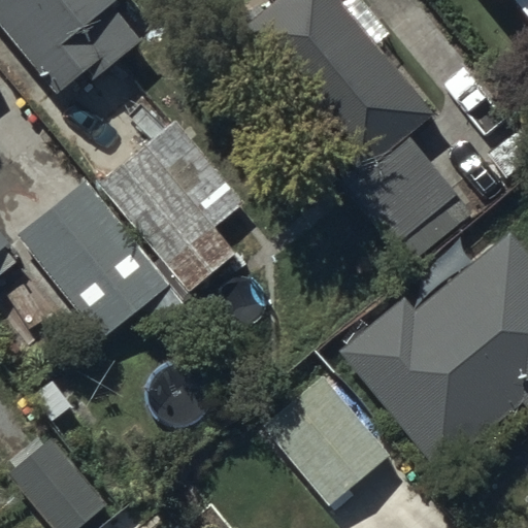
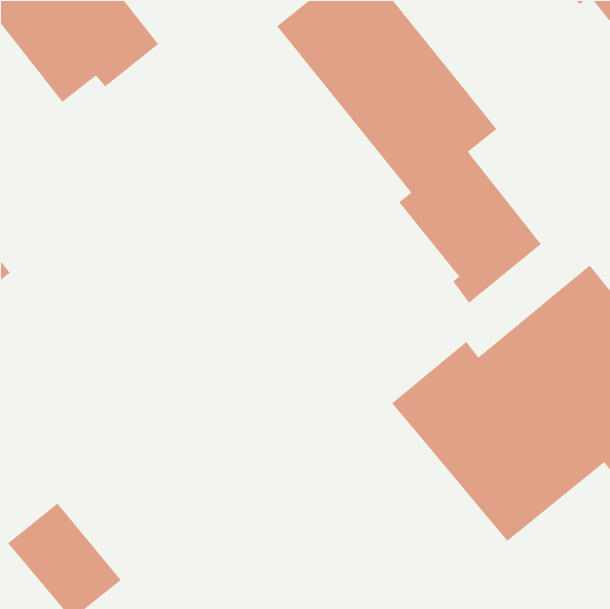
building: [102,114,248,290] -> none
building: [25,190,171,342] -> none
building: [261,368,395,504] -> none

